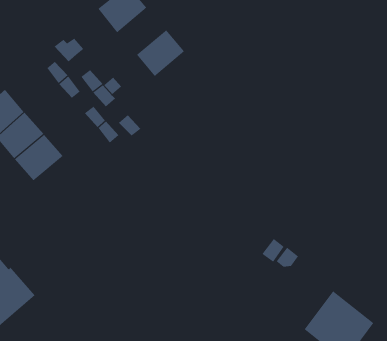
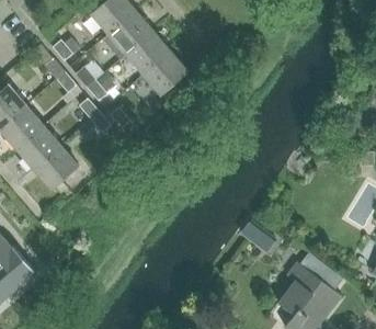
building: none -> [102,12,153,60]
building: none -> [143,52,187,95]
building: none -> [33,146,78,190]

